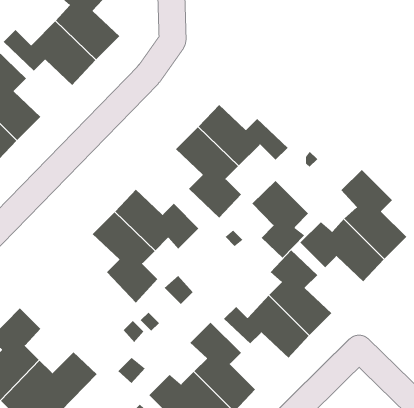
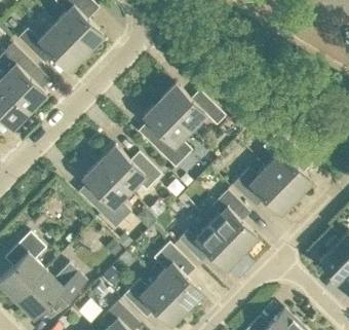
building: [252,180,309,258] -> none

